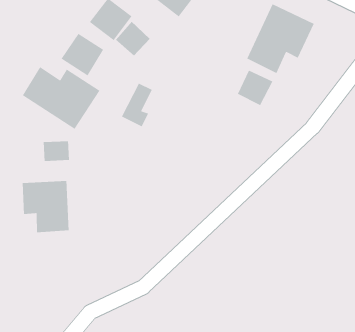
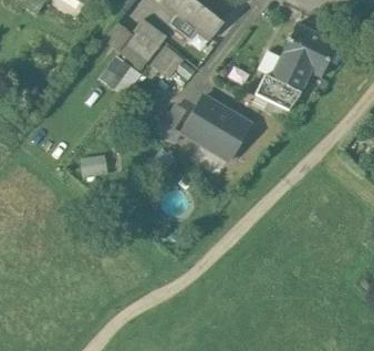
building: [22,66,100,130] -> none
building: none -> [179,96,248,161]
building: [22,180,69,233] -> none

